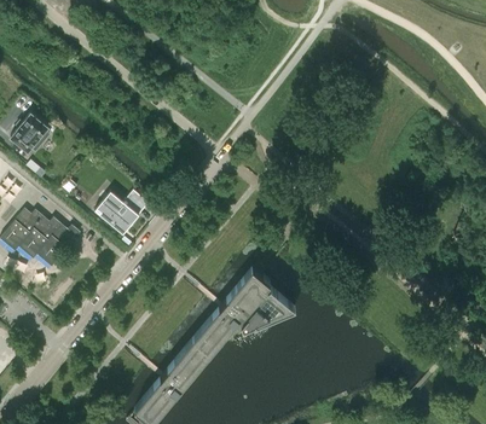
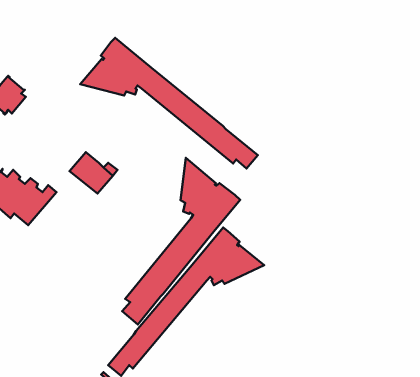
building: none -> [80,38,258,169]
building: none -> [122,158,240,324]

